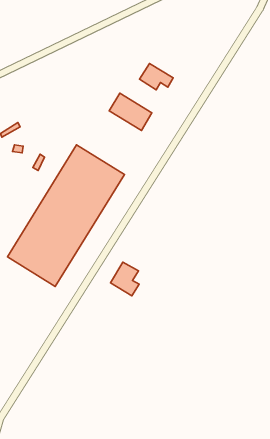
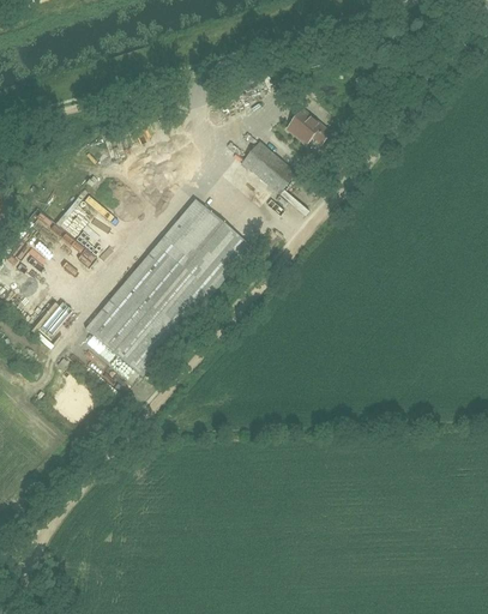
building: [111,262,139,296] -> none

